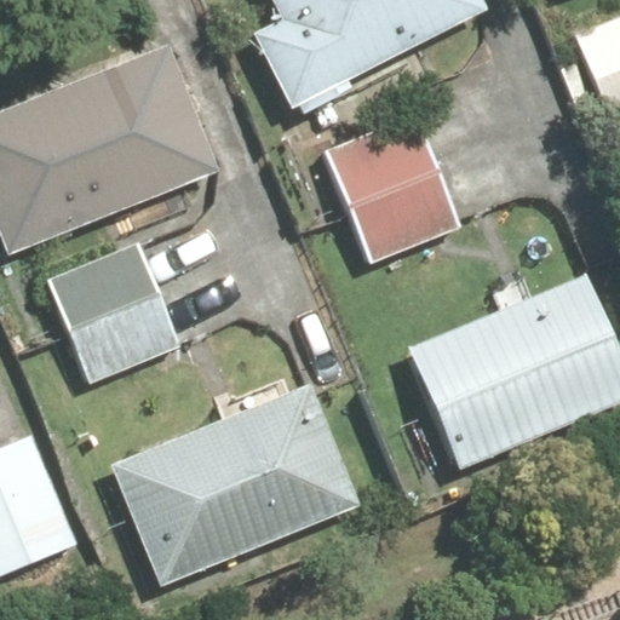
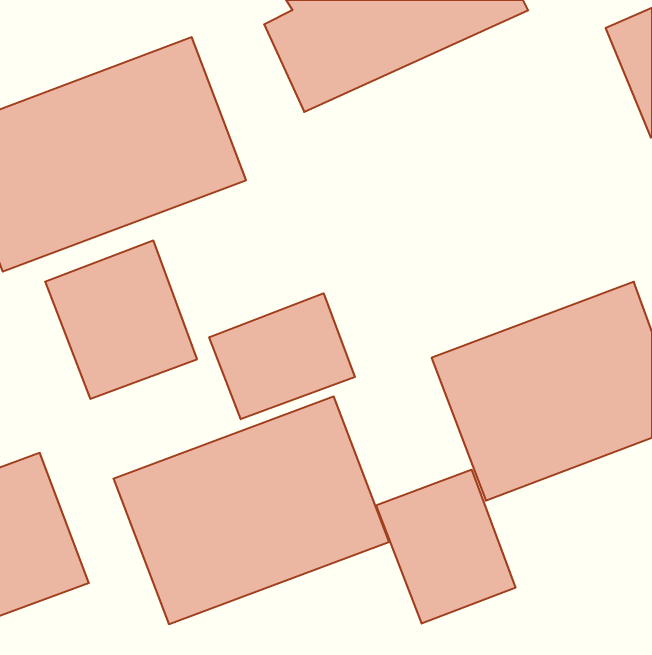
building: [316,107,471,266] -> none
building: none -> [209,293,355,419]
building: none -> [376,470,515,624]

